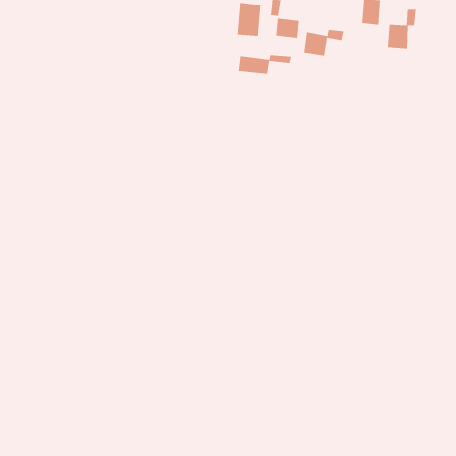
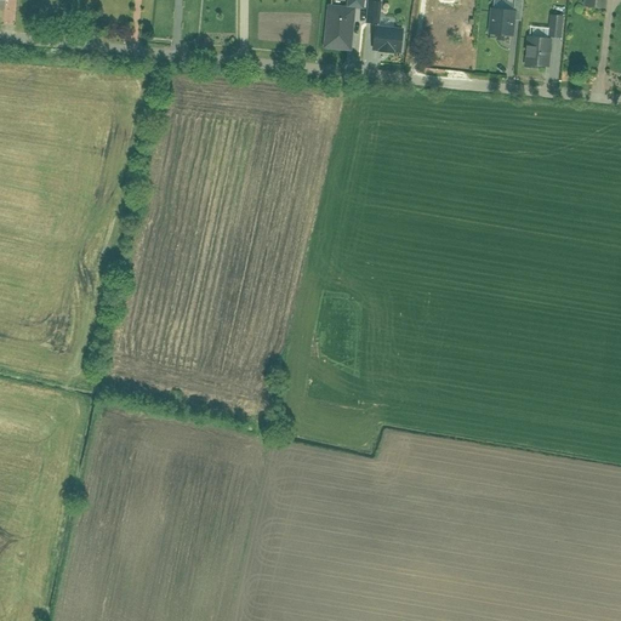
building: [304,29,344,56] -> none
building: [238,54,292,74] -> none

